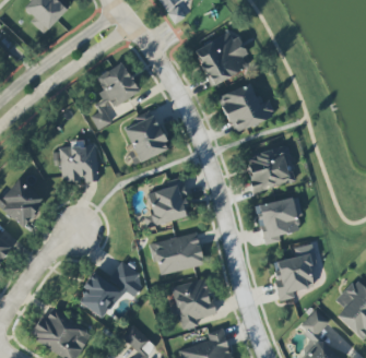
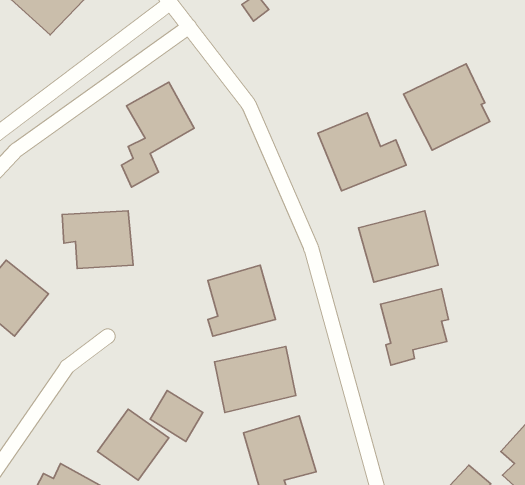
building: [193,29,249,85] -> [403,64,490,150]
building: [125,114,169,164] -> none
building: [272,243,317,300] -> none

